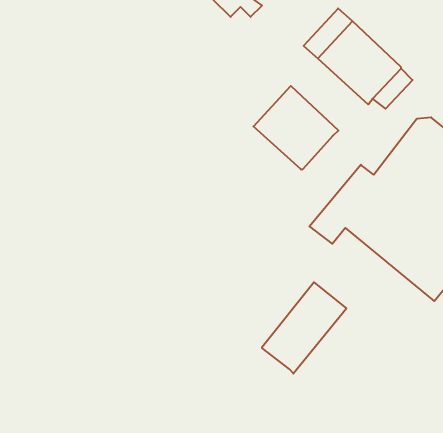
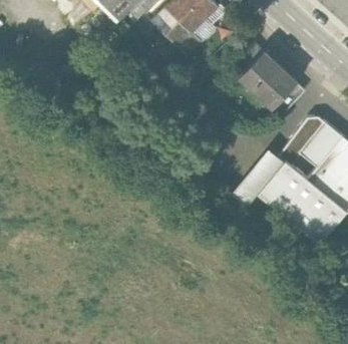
building: [253,86,338,170] -> none
building: [262,282,346,374] -> none

